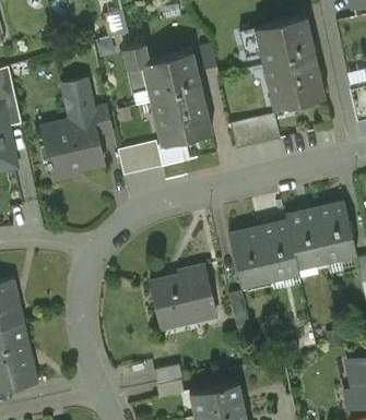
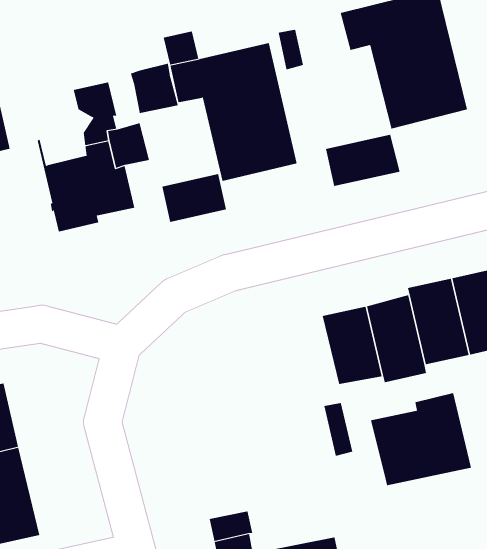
building: none -> [130,63,179,114]
building: [149,264,216,326] -> [370,392,472,486]

